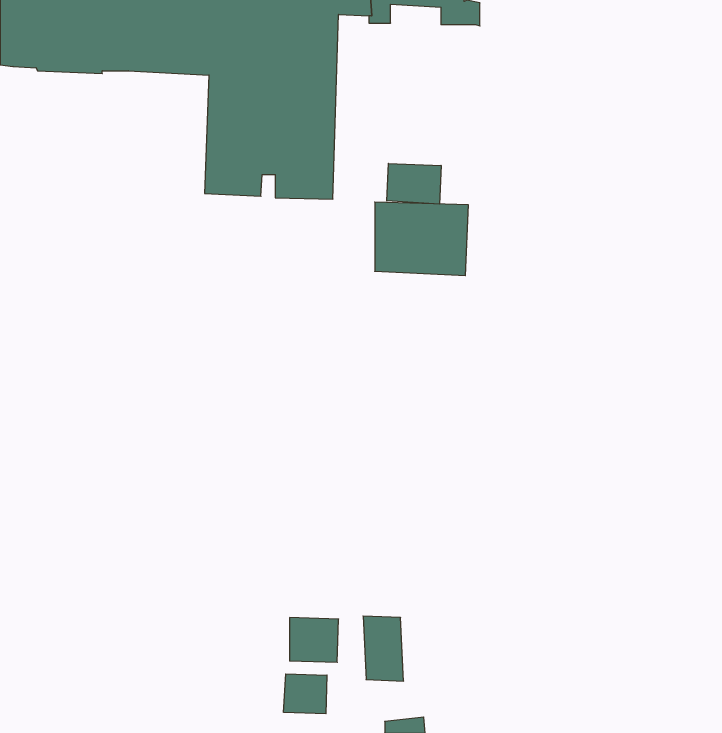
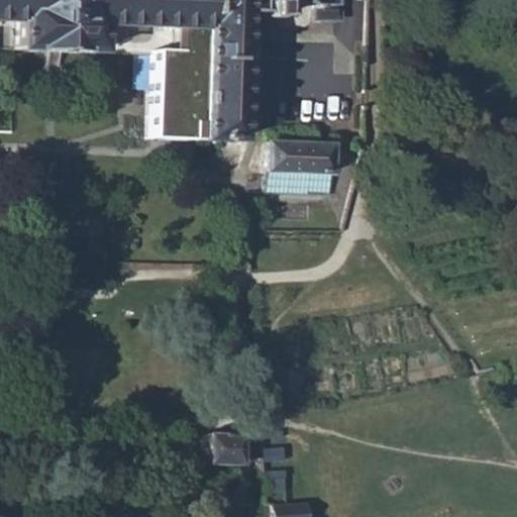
building: [387,163,441,204] -> none
building: [284,674,327,714] -> none

